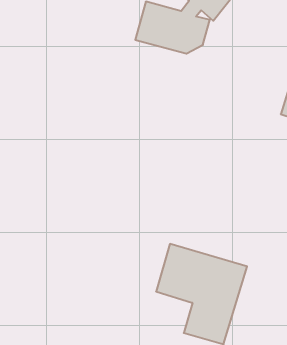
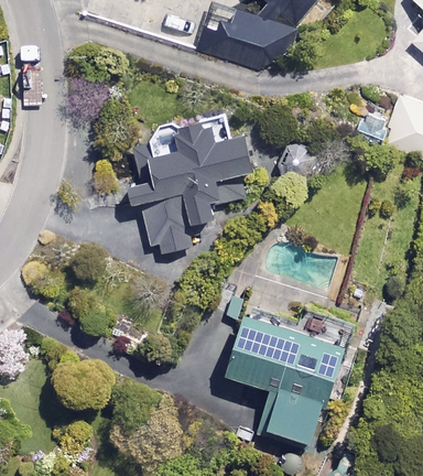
building: none -> [137,120,252,255]

